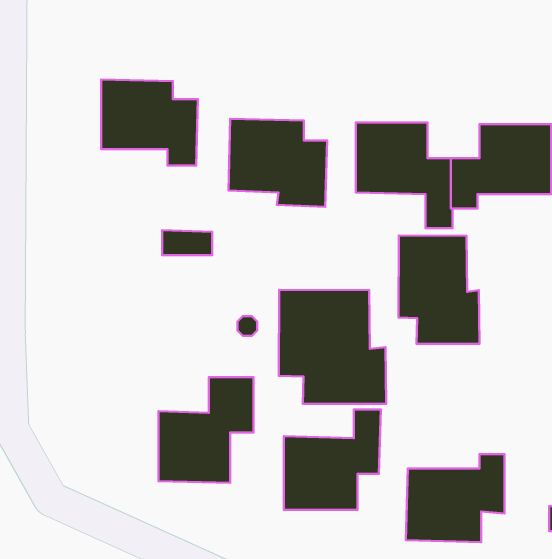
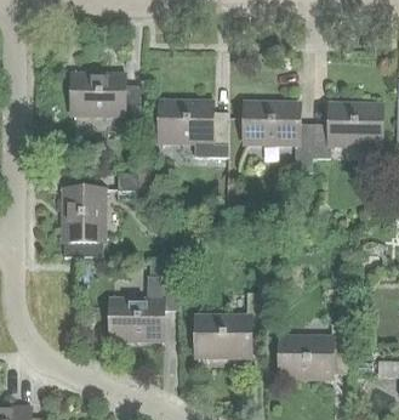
building: [399,236,479,344] -> none
building: none -> [63,187,103,256]
building: [279,290,386,404] -> none

